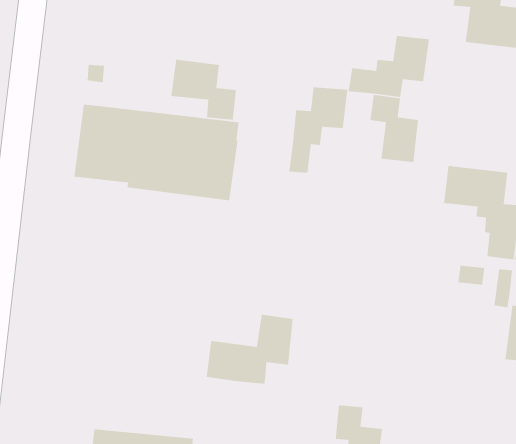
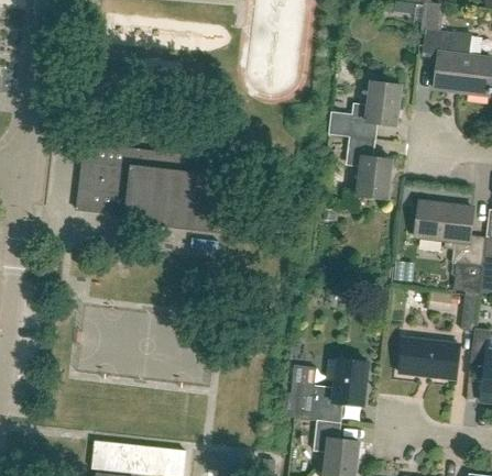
building: [170,59,237,121] -> none
building: [288,86,348,173] -> none
building: [206,314,294,385] -> [287,356,368,421]
building: none -> [400,336,459,378]

